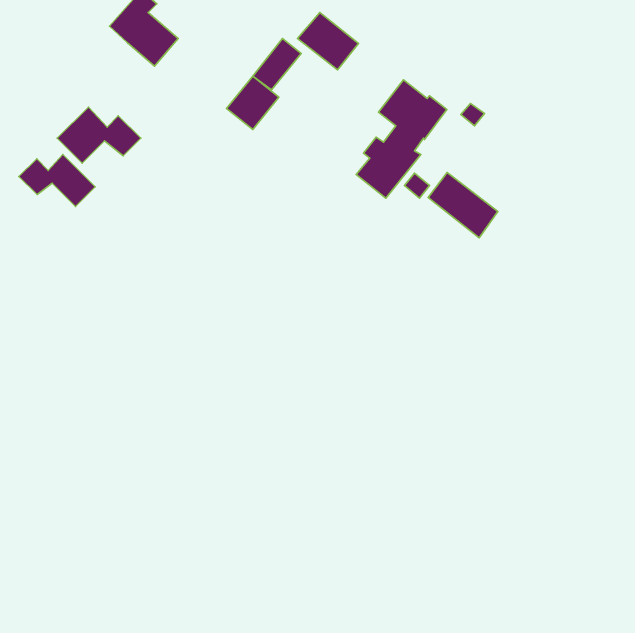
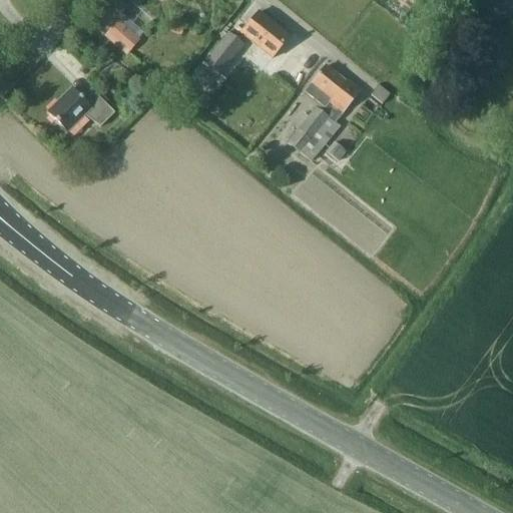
building: [19,154,95,207] -> none
building: [428,173,498,238] -> none

